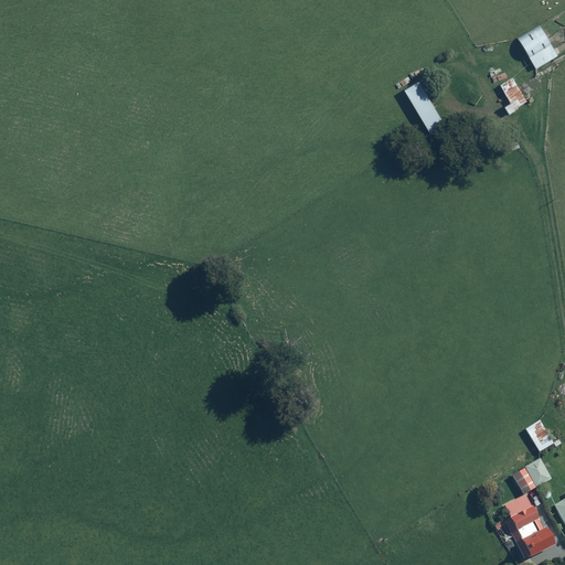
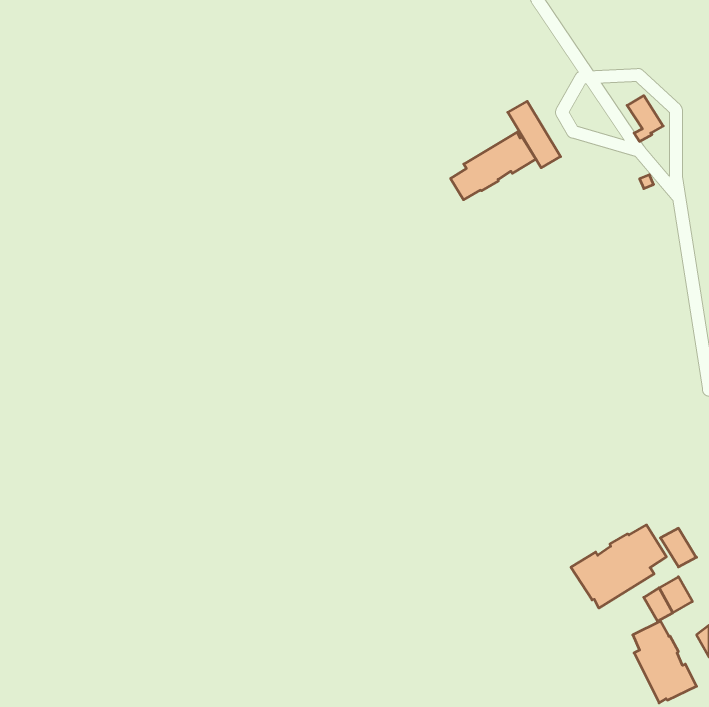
building: [518,24,558,67] -> none
building: none -> [451,132,536,200]
building: none -> [571,525,666,608]

